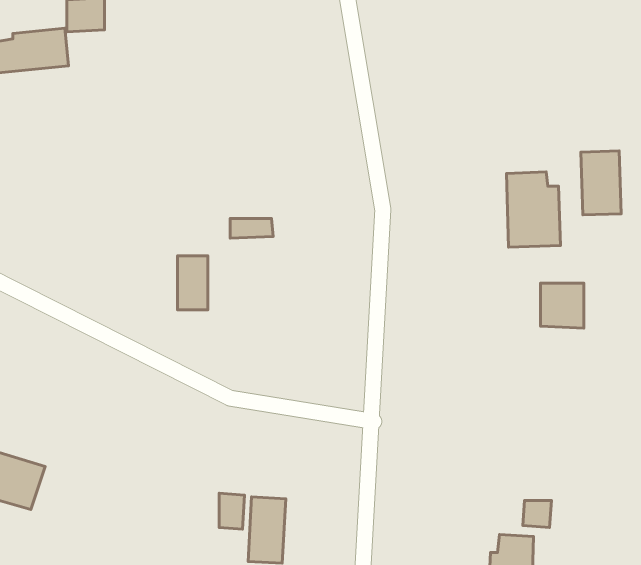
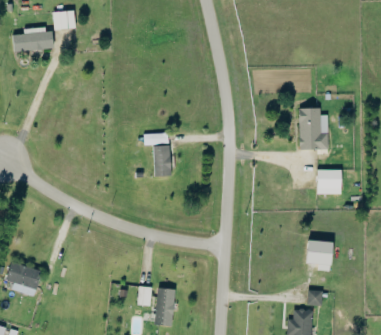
building: [581,151,621,215] -> none
building: [177,256,208,310] -> [153,145,170,175]
building: none -> [303,239,331,265]

